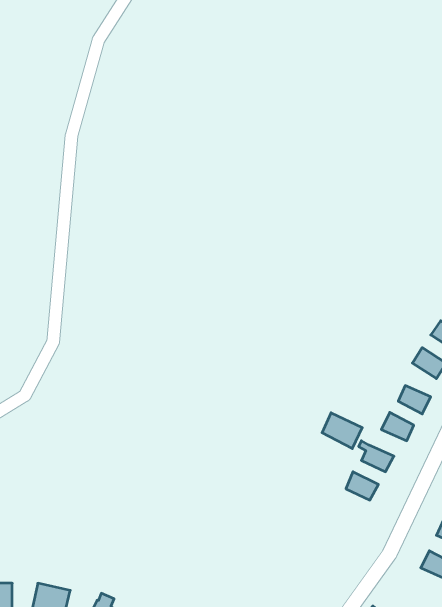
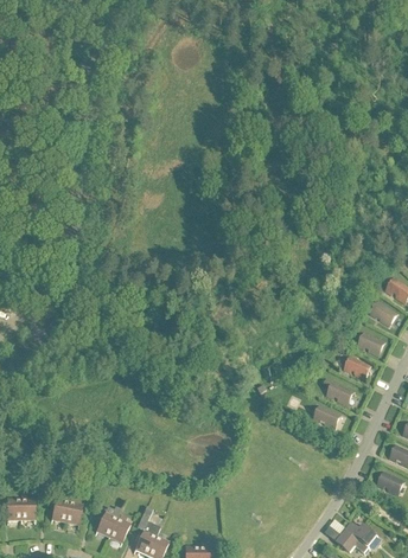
building: [322,413,362,449] -> none

